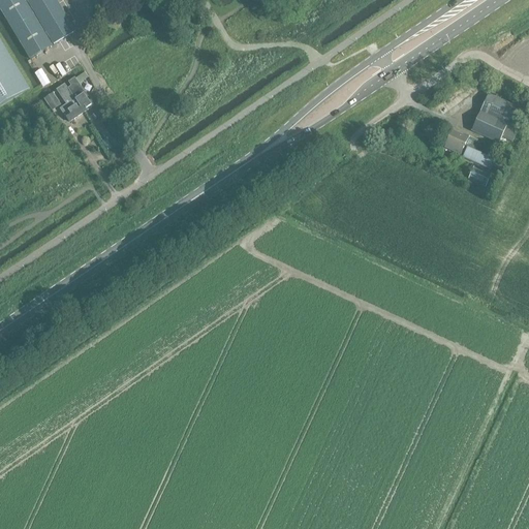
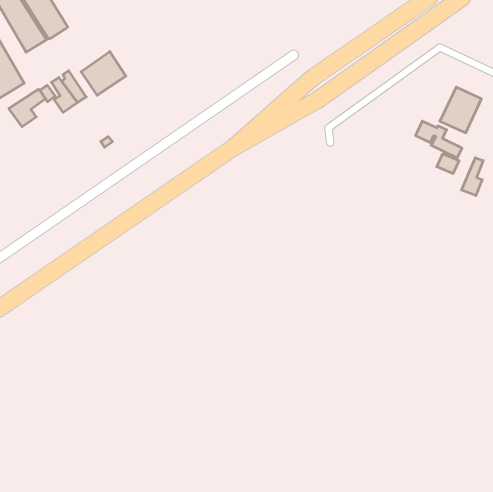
building: none -> [81,51,126,95]
building: none -> [9,89,46,127]
building: none -> [461,158,483,196]

